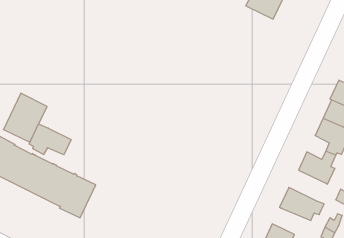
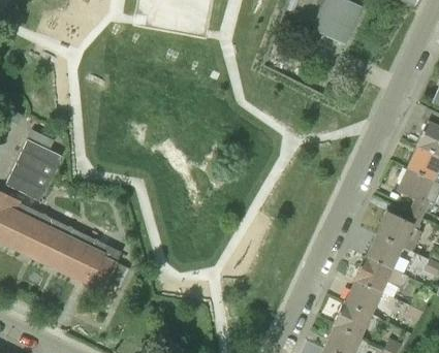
building: [29,124,71,155] -> none
building: none -> [366,234,410,274]
building: none -> [345,282,381,315]

